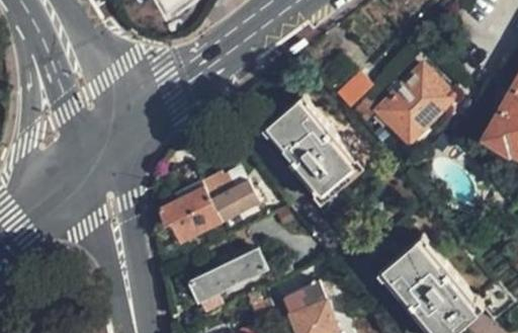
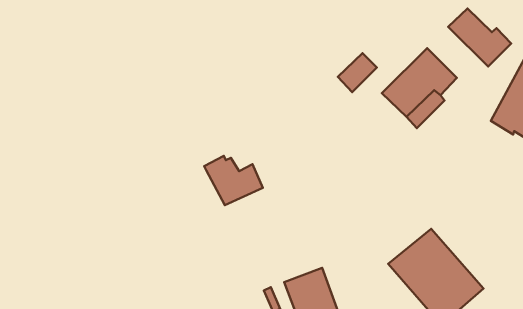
building: none -> [448,9,511,67]
building: [269,107,358,200] -> none
building: [157,186,222,241] -> none
building: [188,249,265,303] -> none

